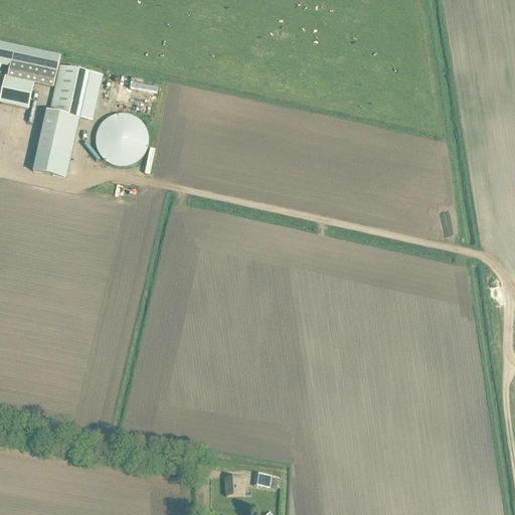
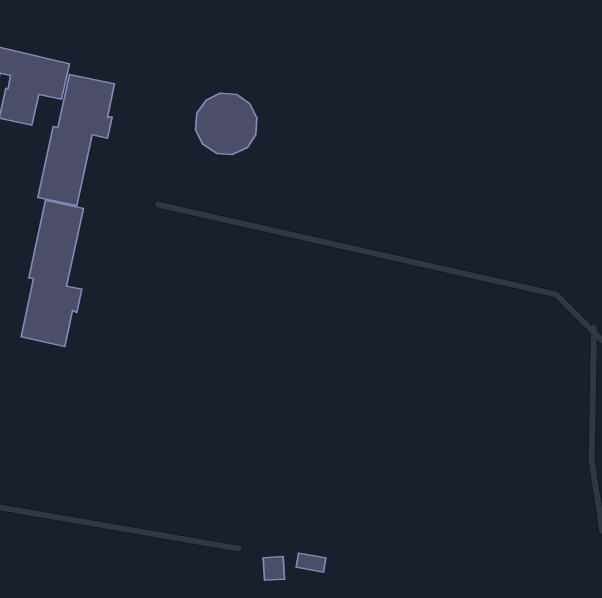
building: [95,113,147,165] -> [196,93,257,155]
building: none -> [21,200,83,347]

